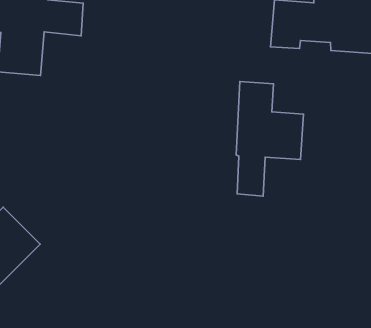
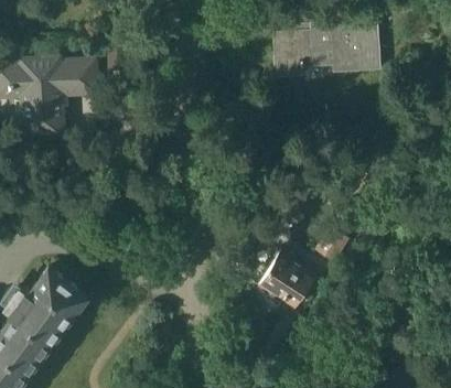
building: [236,82,303,196] -> none
building: none -> [260,251,319,311]

